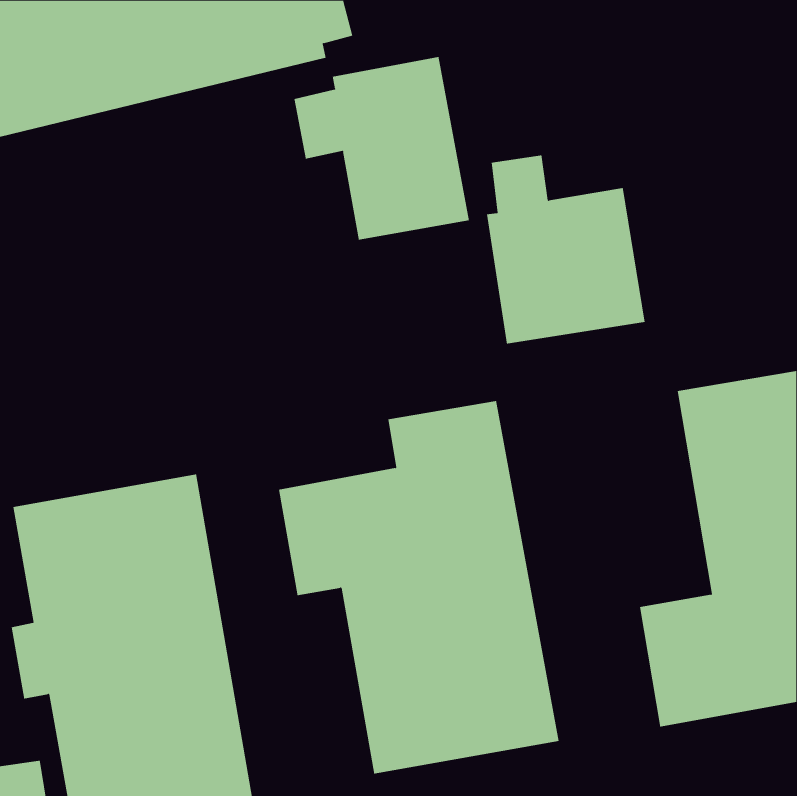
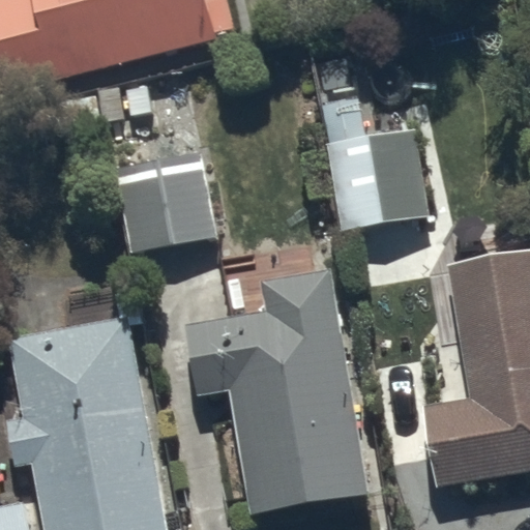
building: [294,56,470,241] -> none
building: none -> [111,150,215,253]

